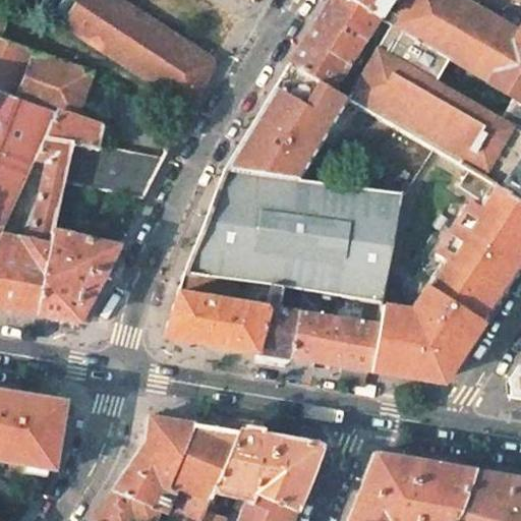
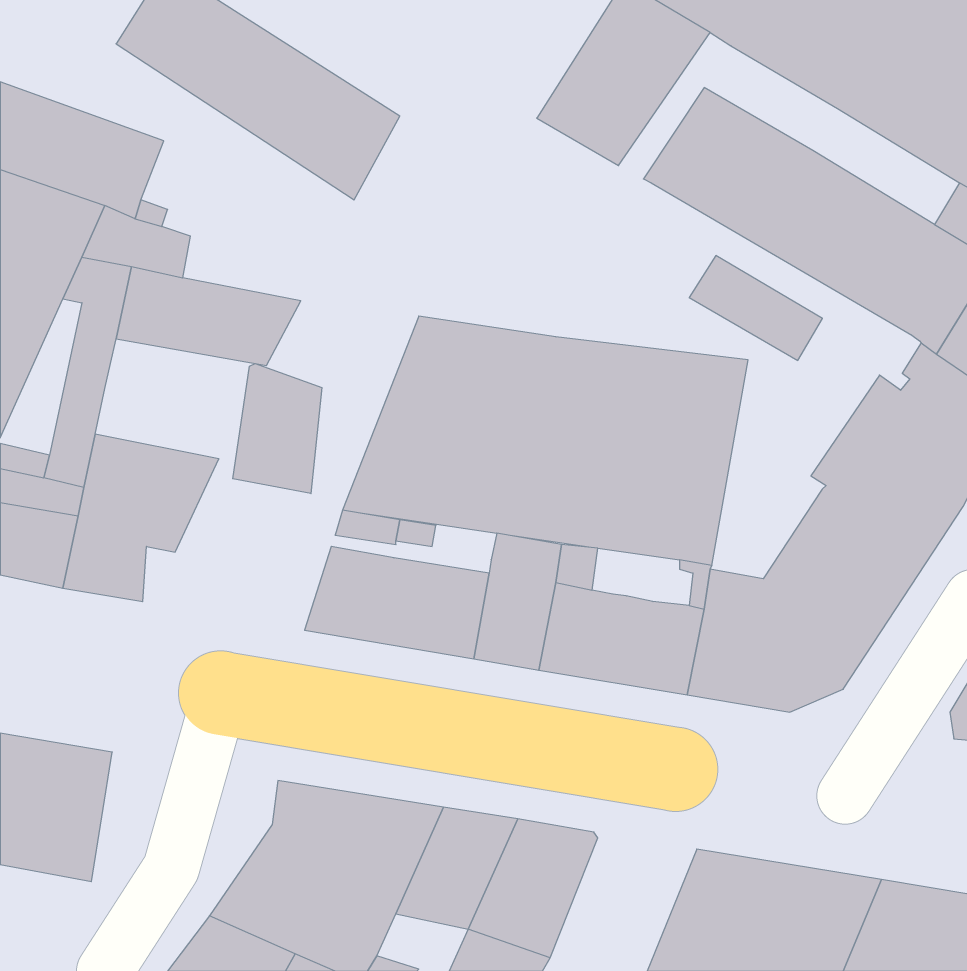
building: [380,24,451,80] -> [689,256,822,360]
building: [227,63,351,180] -> none
building: none -> [233,364,322,494]

